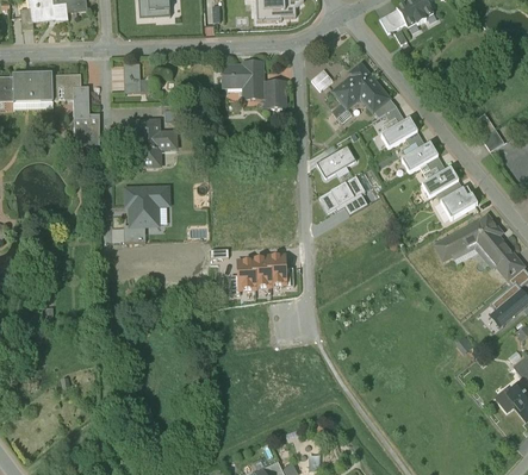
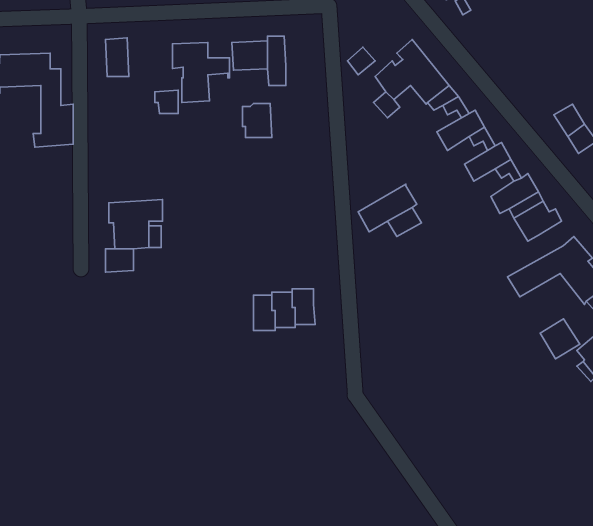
building: [263,81,286,107] -> [243,104,272,137]
building: [132,119,176,165] -> [173,42,230,103]
building: [317,145,355,177] -> none
building: none -> [540,319,580,359]

